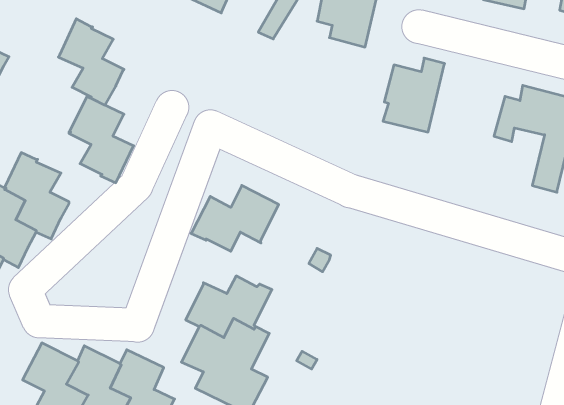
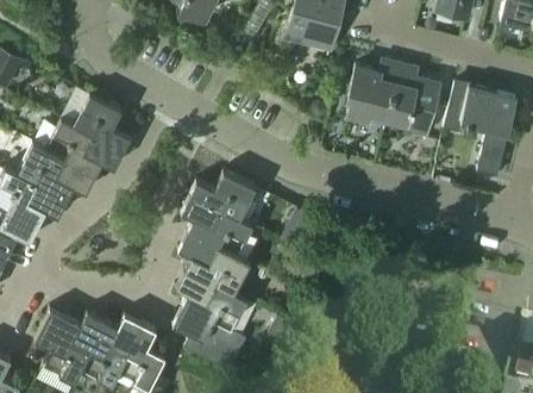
building: [58,19,124,105] -> [46,113,104,188]
building: none -> [387,61,440,126]
building: none -> [178,207,253,261]

